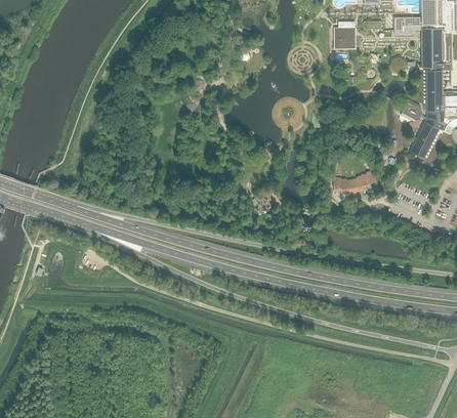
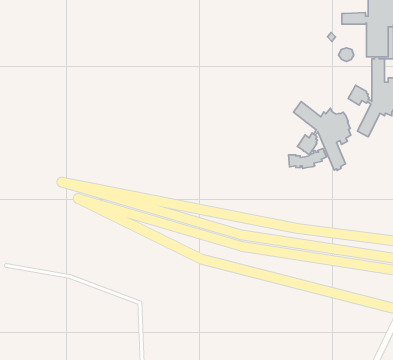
building: [333,22,354,45] -> none
building: none -> [293,102,351,171]

